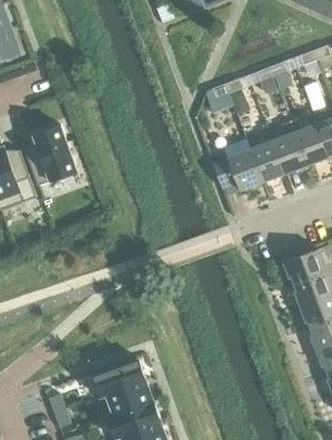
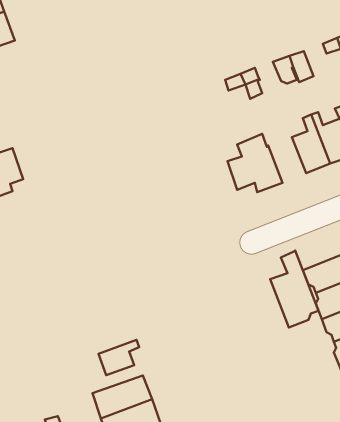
building: [23,126,75,185] -> none
building: [251,141,285,183] -> none
building: none -> [270,251,319,328]
building: none -> [99,340,139,375]

